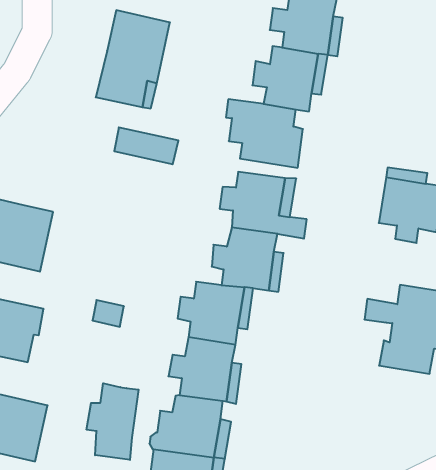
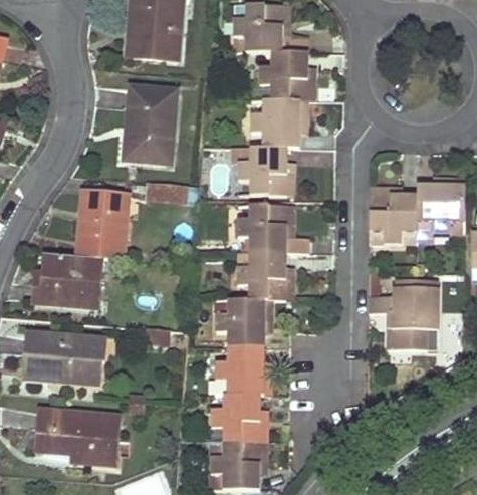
building: none -> [77,191,127,260]
building: [87,383,139,460] -> none

